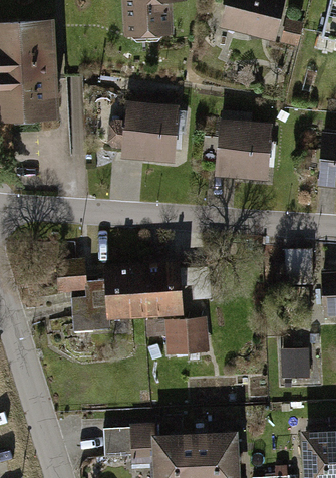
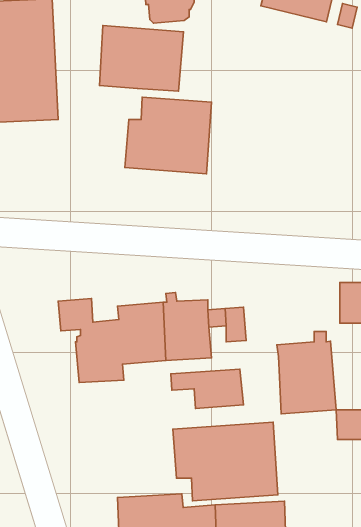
building: none -> [99,26,183,91]
building: [219,107,275,180] -> none
building: none -> [277,331,336,414]
building: none -> [173,422,278,501]

